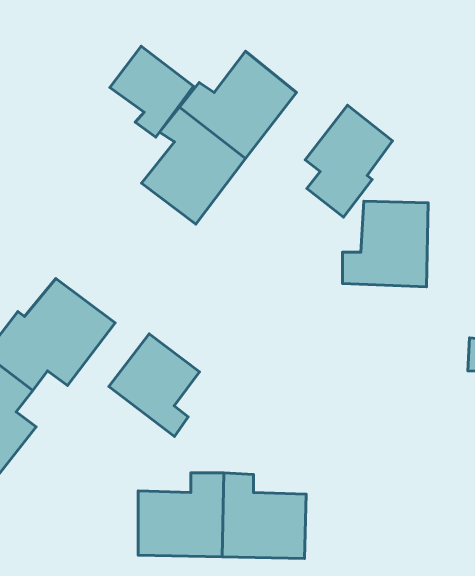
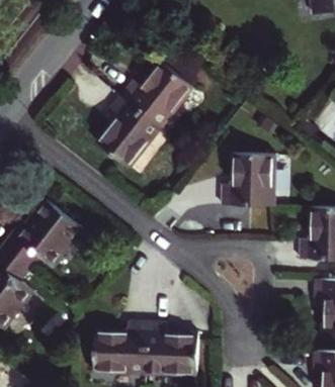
building: [110,46,194,137] -> none
building: [305,105,392,217] -> none
building: [109,334,200,437] -> none

